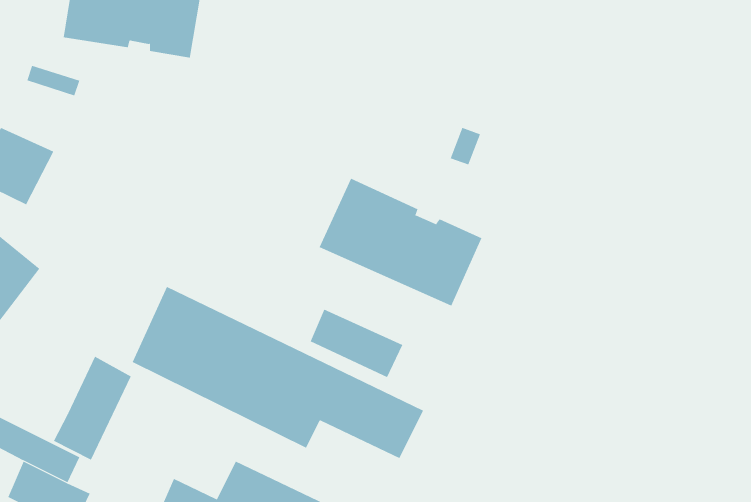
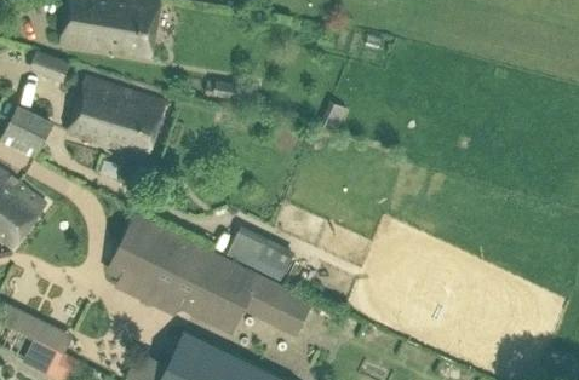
building: none -> [67,77,165,157]
building: [319,178,482,306] -> none
building: [53,356,131,460] -> none

